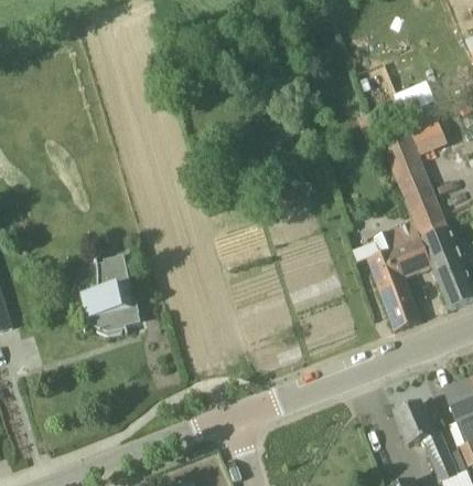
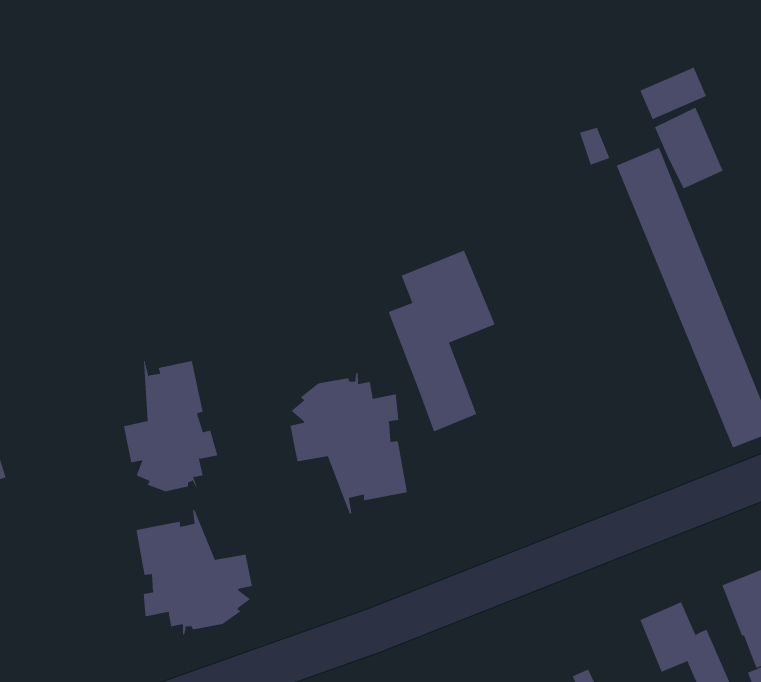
building: [367,221,432,331] -> [388,250,496,432]
building: none -> [290,372,408,514]
building: none -> [136,509,252,635]

